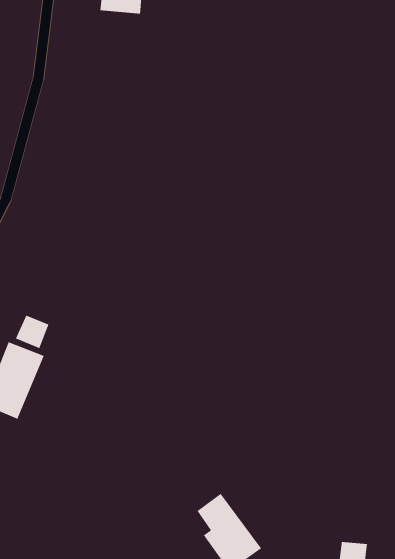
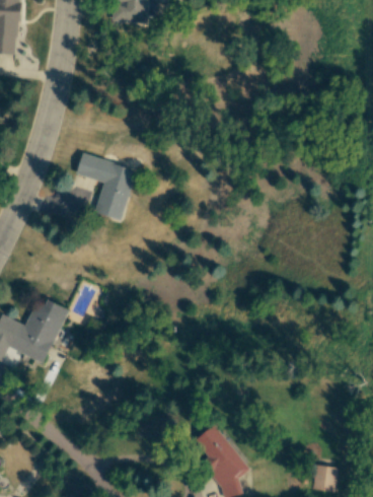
building: none -> [76,154,136,220]
building: [15,314,50,349] -> none

